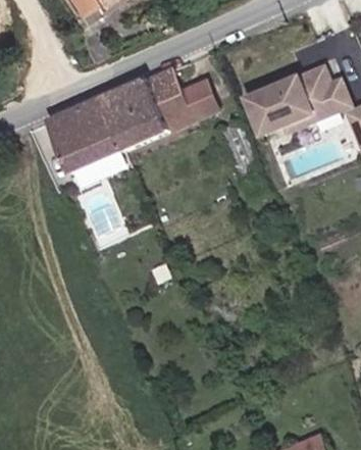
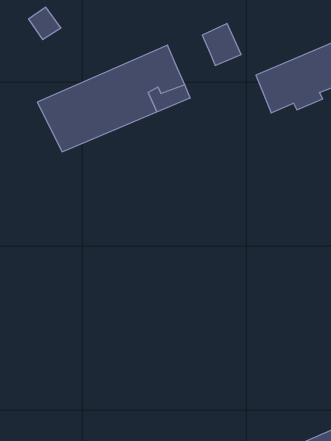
building: [177,79,214,118] -> [202,23,241,65]

